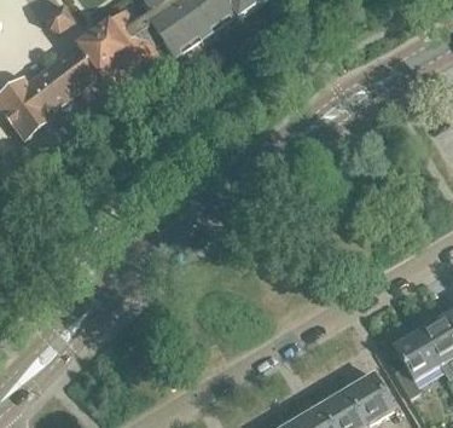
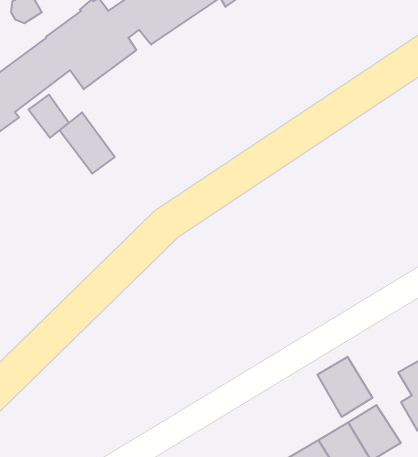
building: none -> [59,112,115,174]
building: none -> [317,357,372,417]

